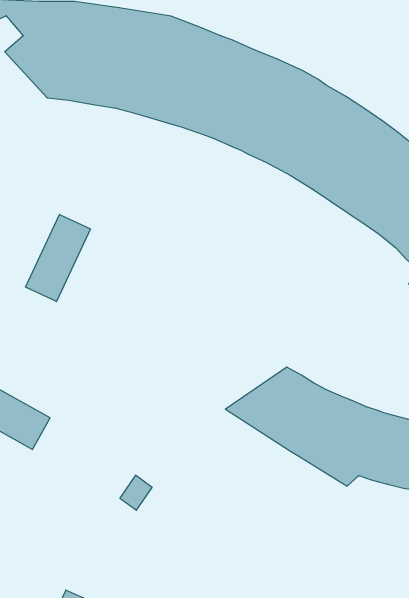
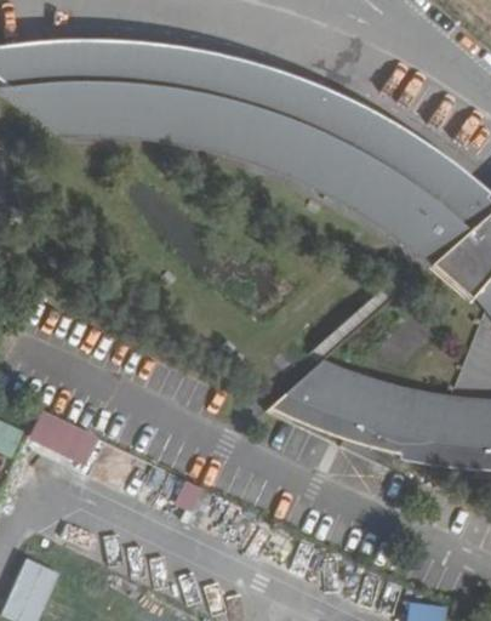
building: [26,214,91,302] -> none

